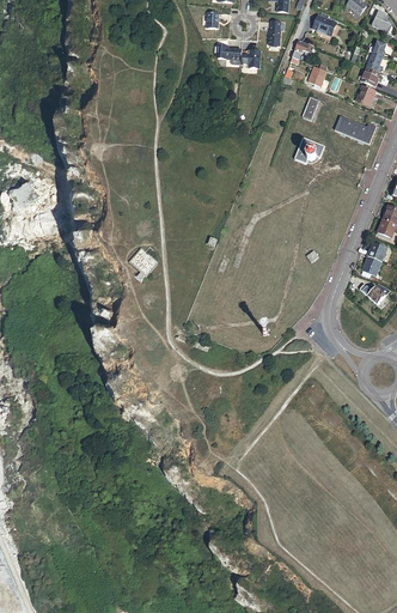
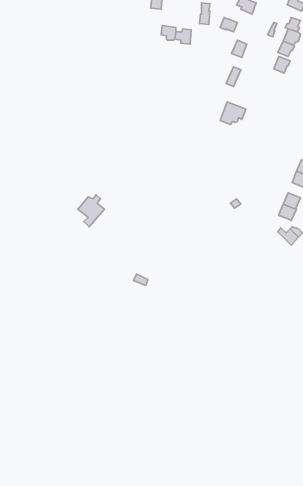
building: [335,117,375,144] -> none

